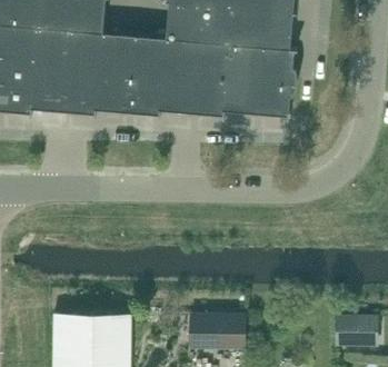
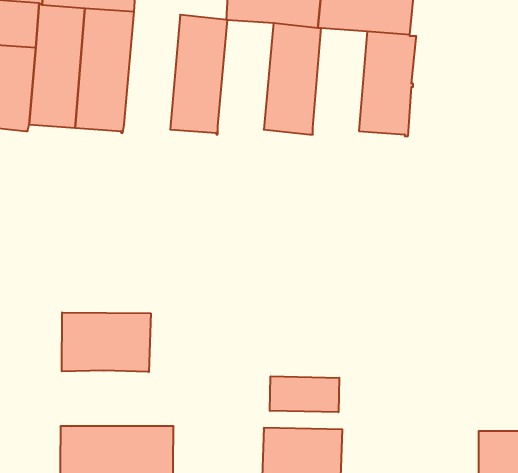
building: [97,32,135,112] -> none
building: [160,38,198,112] -> none
building: [225,43,261,113] -> none
building: none -> [62,312,151,372]
building: none -> [270,376,339,412]

